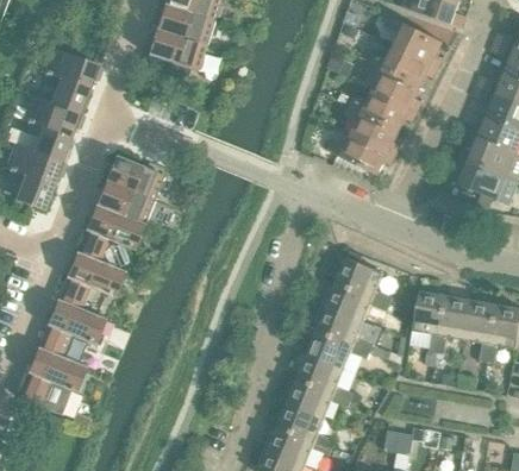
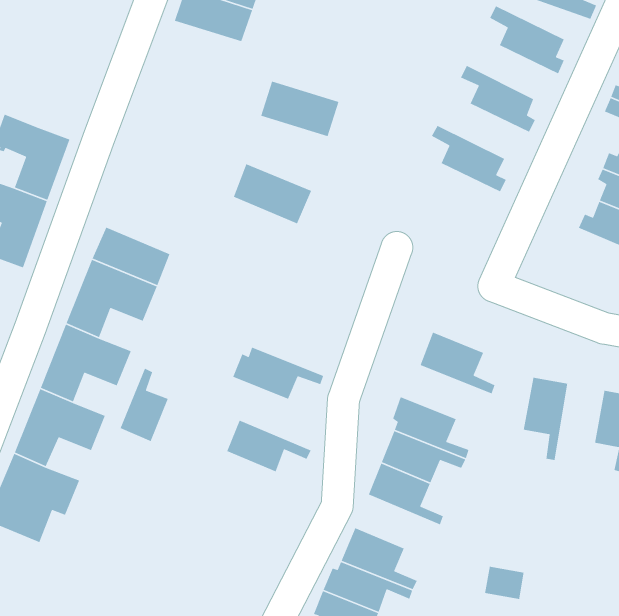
building: [146,29,205,70] -> [260,81,339,137]
building: [39,46,98,115] -> none
building: [370,46,438,86] -> none
building: [349,89,417,130] -> none
building: [326,133,395,175] -> none
building: [105,155,163,200] -> [233,163,312,224]
building: [321,282,389,321] -> [232,347,324,400]
building: none -> [119,368,169,442]
building: [436,295,471,353] -> none
building: [288,377,351,416] -> [226,419,312,473]

